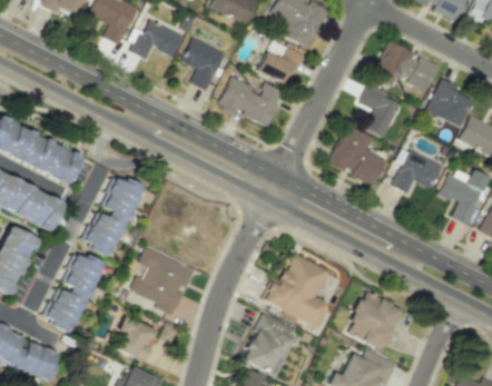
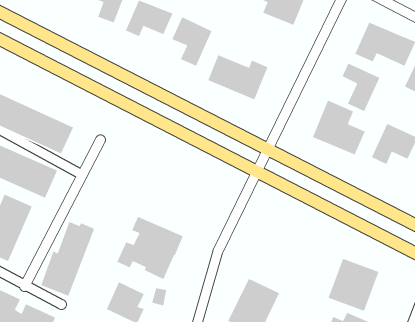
building: [258,40,306,82] -> none
building: [82,177,146,257] -> none
building: [262,253,329,327] -> none

